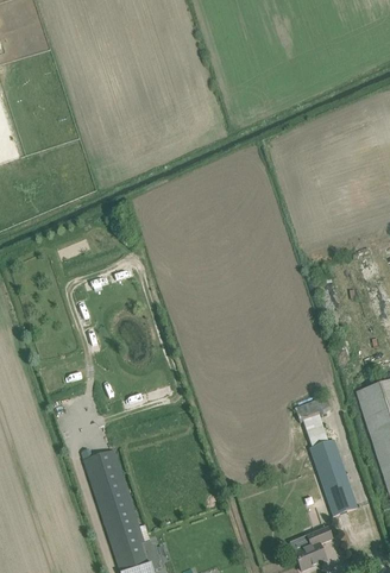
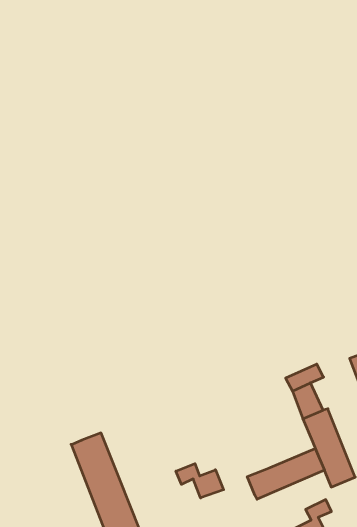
building: none -> [247,448,324,499]
building: none -> [176,464,224,498]

